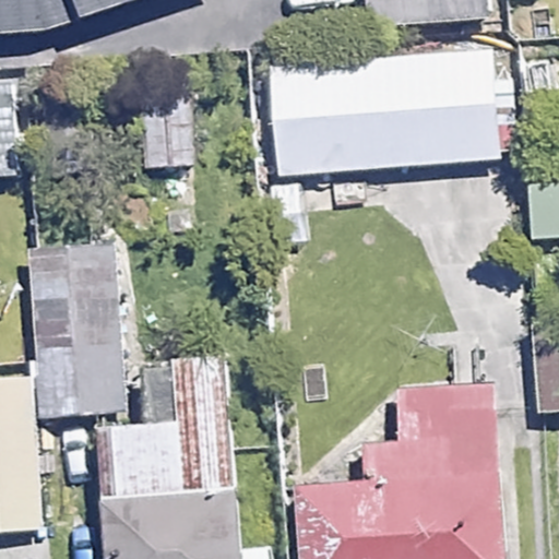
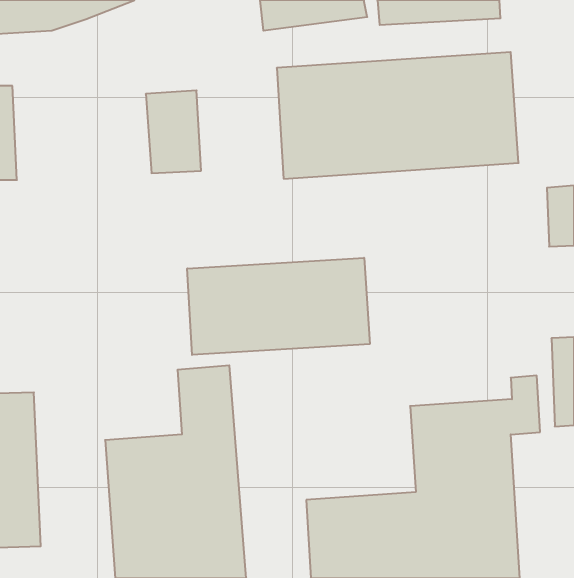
building: [32,247,126,414] -> none
building: none -> [187,258,370,355]

